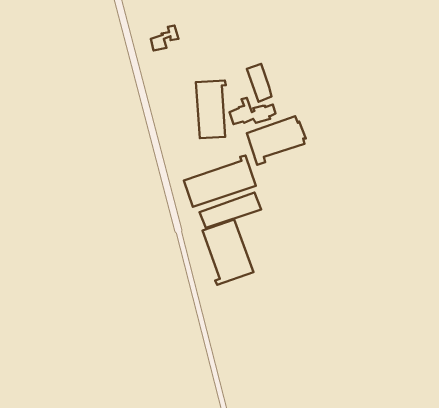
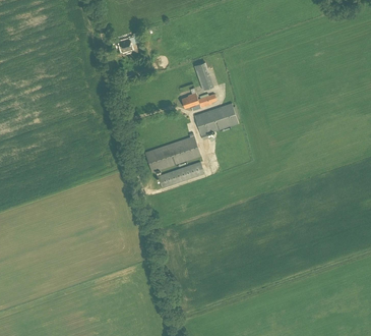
building: [196,81,226,138] -> none
building: [203,220,254,285] -> none

